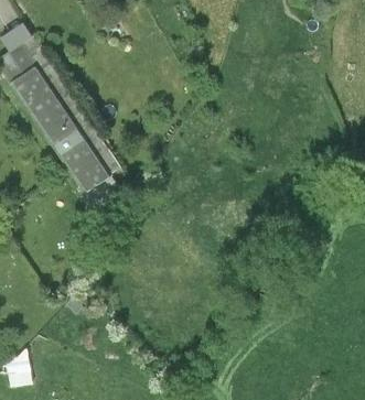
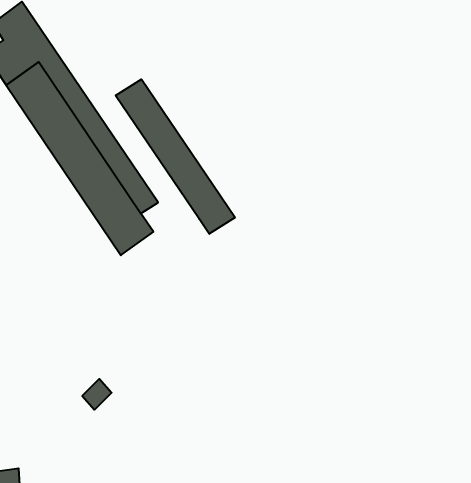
building: none -> [116,79,235,234]

